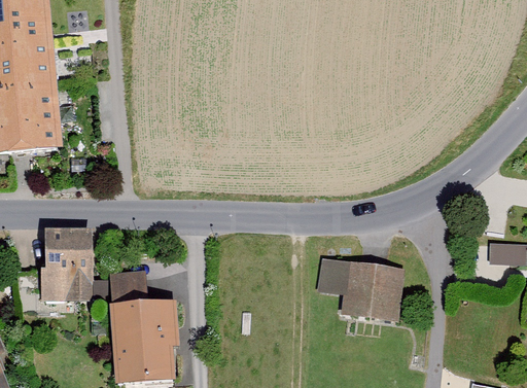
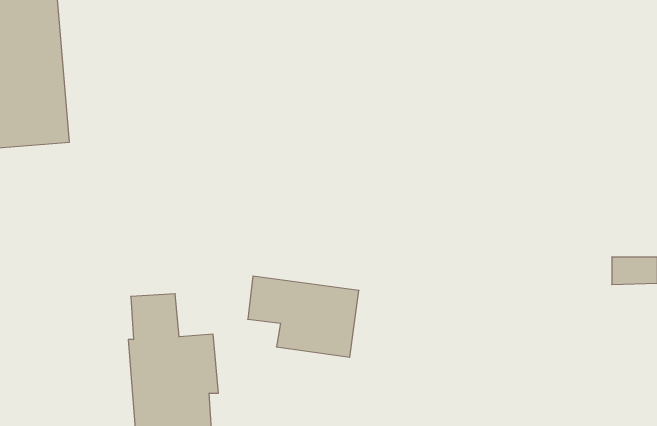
building: [39,231,109,299] -> none
building: [317,256,405,320] -> [248,276,359,357]

